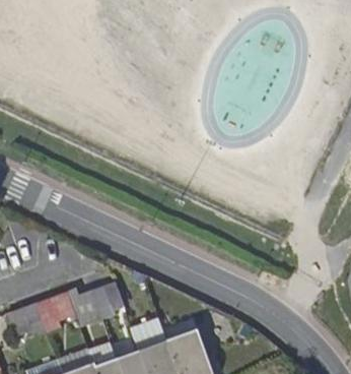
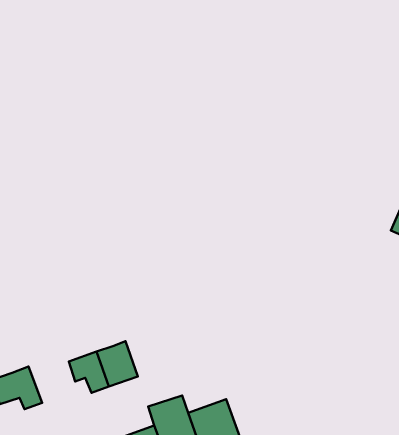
building: [38,291,78,331] -> none

